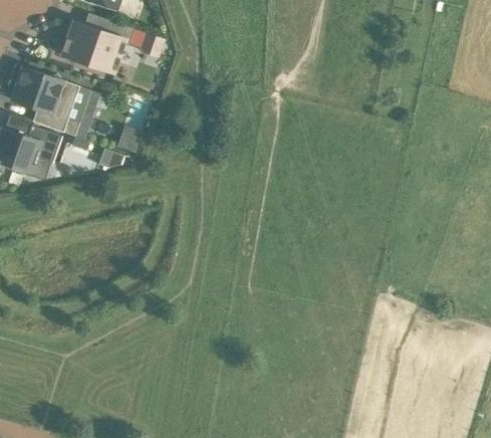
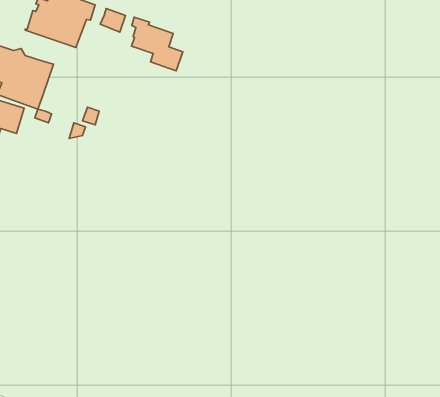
building: none -> [132,17,183,71]

